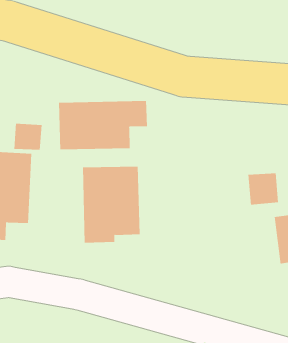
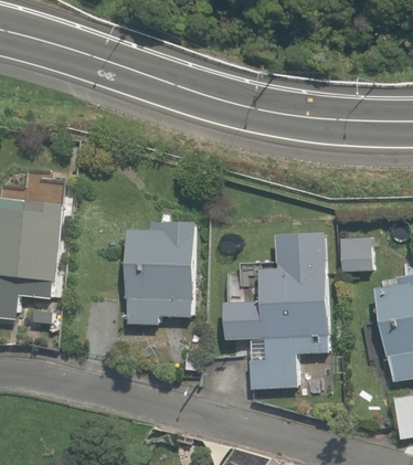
building: [59,100,148,150] -> none
building: none -> [243,255,326,388]

